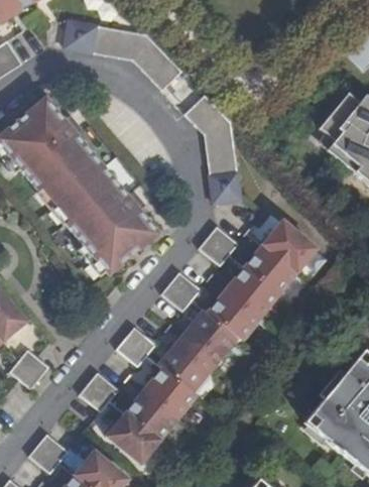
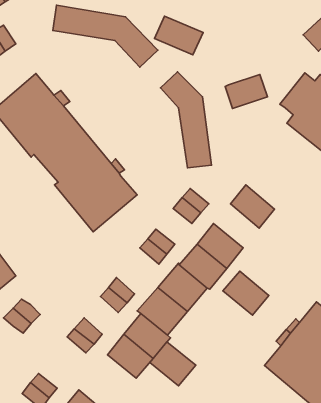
building: none -> [155,16,203,55]
building: none -> [225,75,267,108]
building: [245,242,296,291] -> [223,271,269,315]
building: [107,411,158,461] -> [150,342,196,386]

